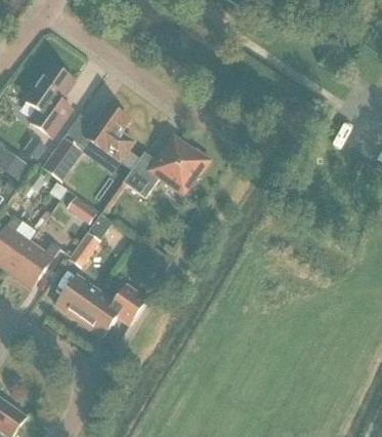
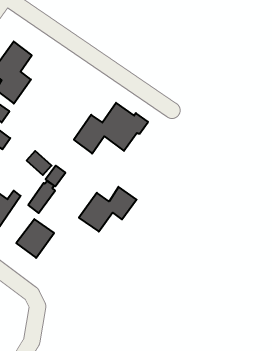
building: [41,103,134,182] -> none
building: [78,284,146,337] -> [79,187,137,232]

